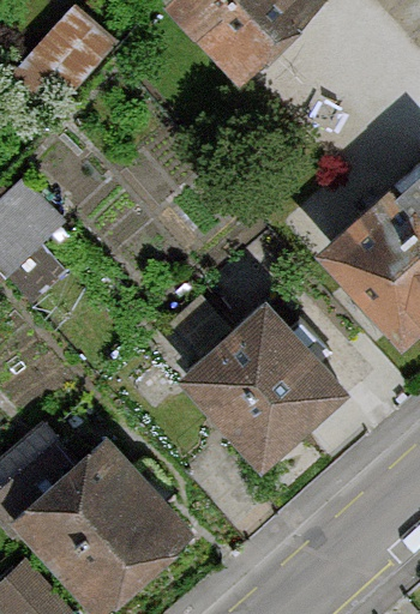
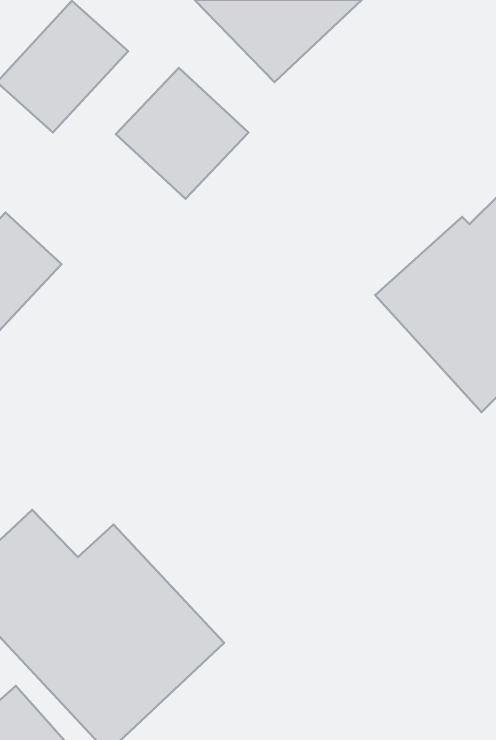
building: none -> [116,68,249,199]
building: [180,301,347,469] -> none

